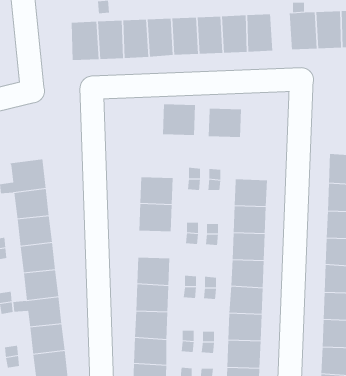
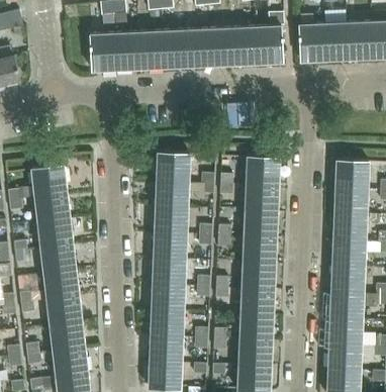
building: [162,104,196,136] -> [156,152,188,182]
building: [208,108,242,138] -> [246,156,278,184]
building: none -> [153,232,185,259]

